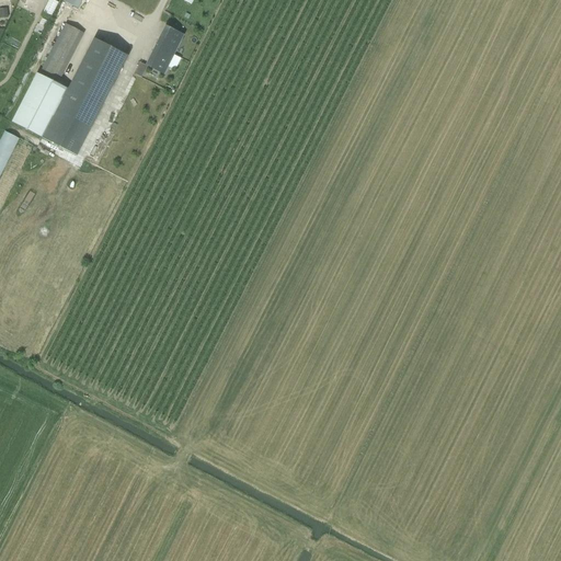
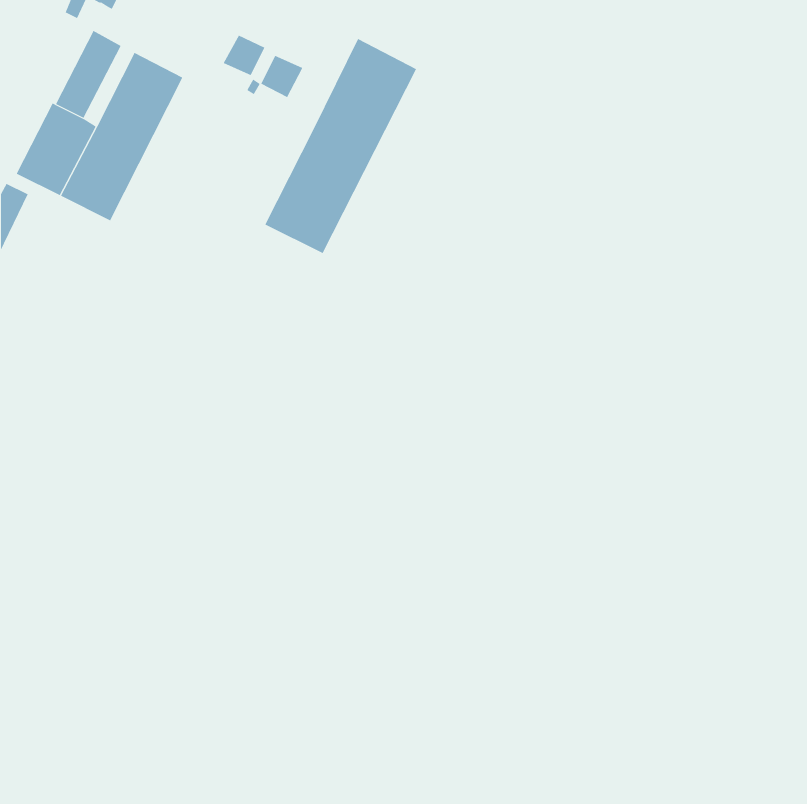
building: none -> [265,38,417,254]
building: [145,44,174,73] -> [261,55,303,98]

